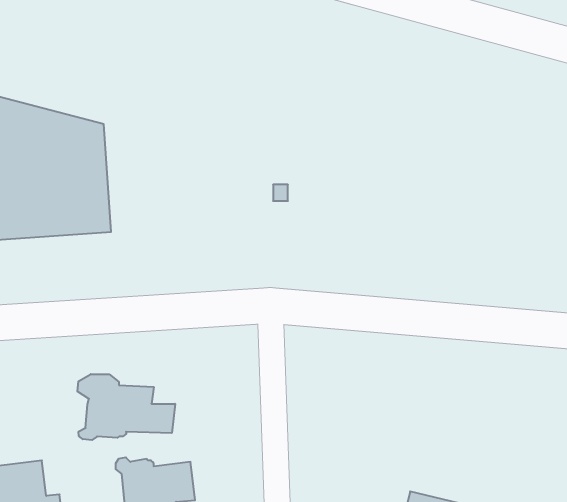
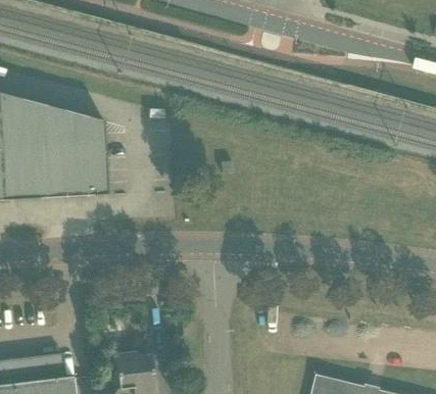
building: [77,374,175,440] -> none

